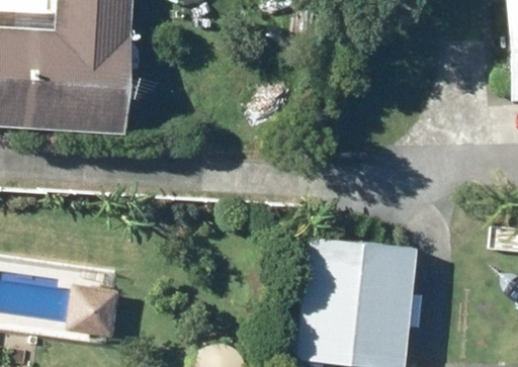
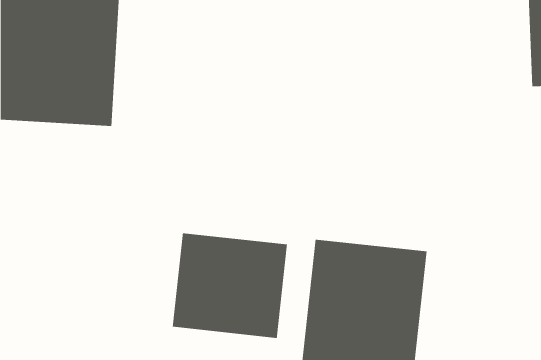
building: none -> [172,233,287,339]

